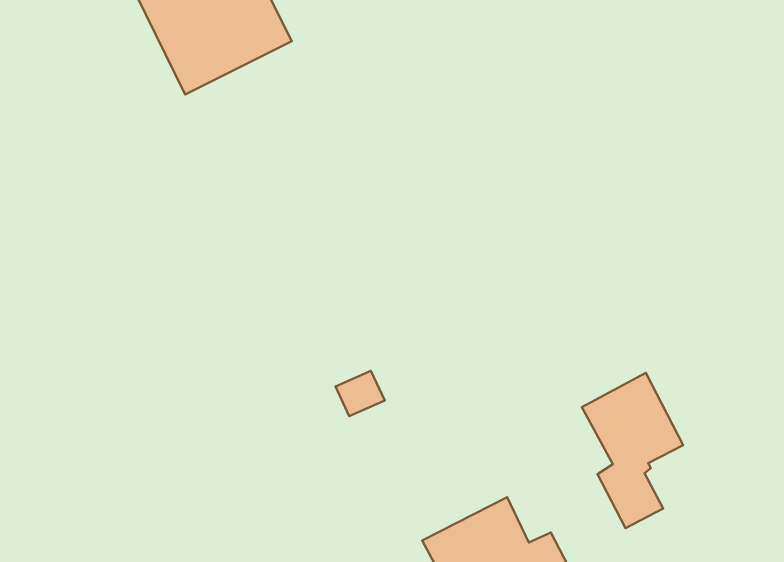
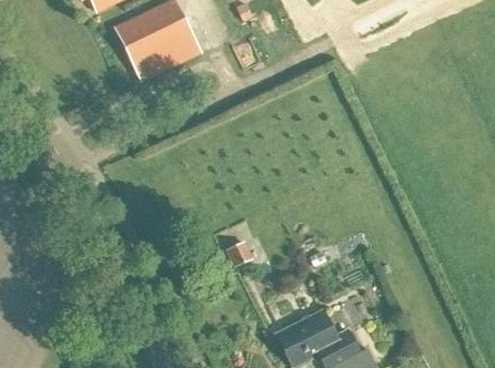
building: [582,373,683,528] -> none

